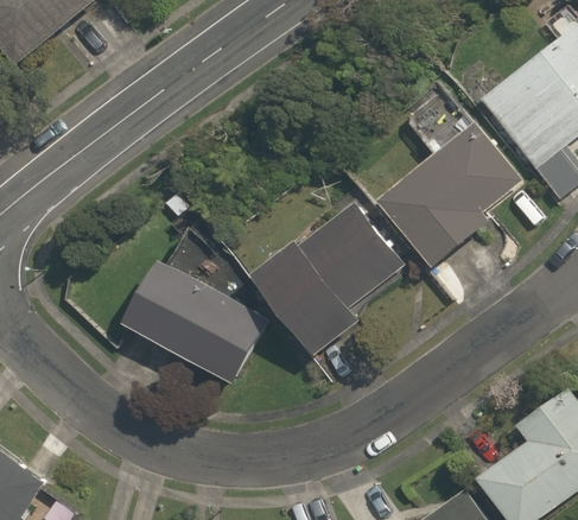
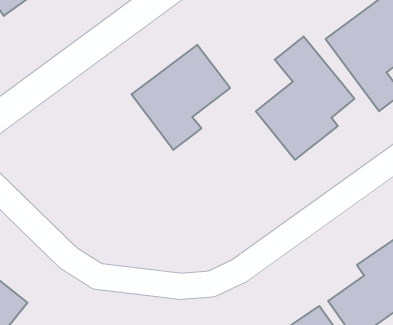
building: [259,203,401,355] -> [132,45,230,150]
building: [134,259,268,385] -> none

